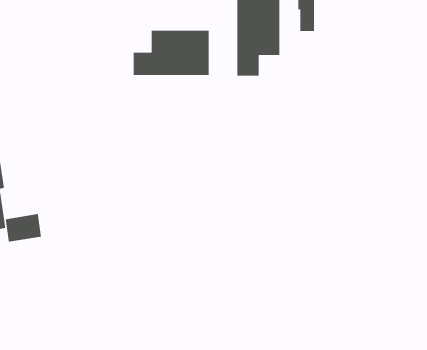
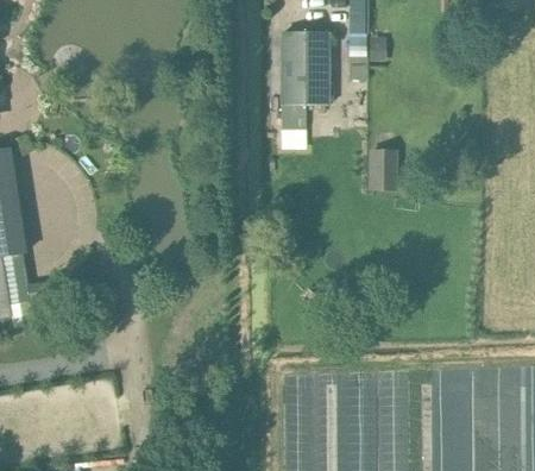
building: [133,30,210,76] -> none
building: none -> [369,146,397,188]

